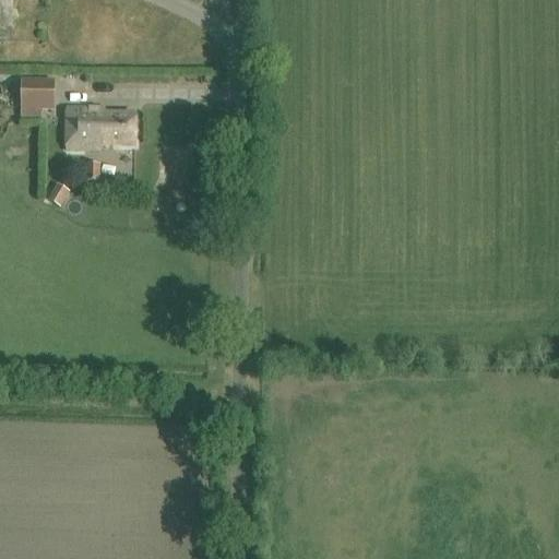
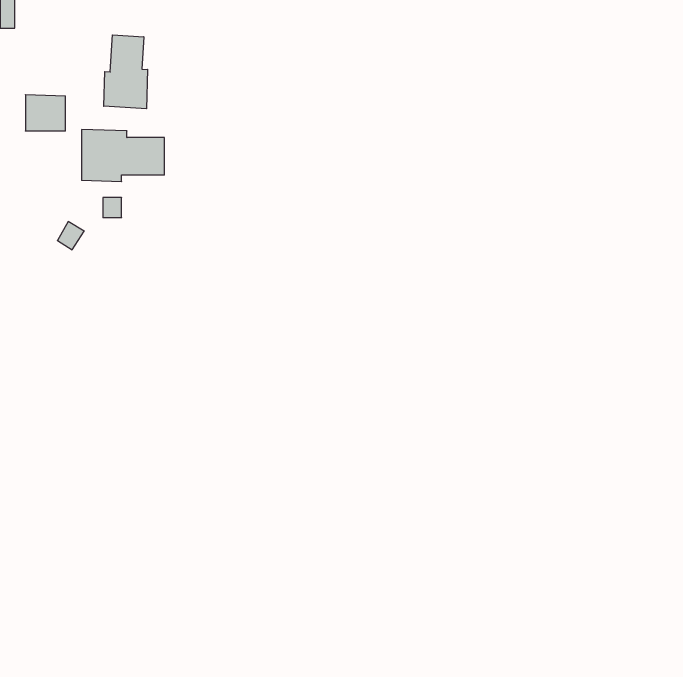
building: none -> [104,35,148,109]

